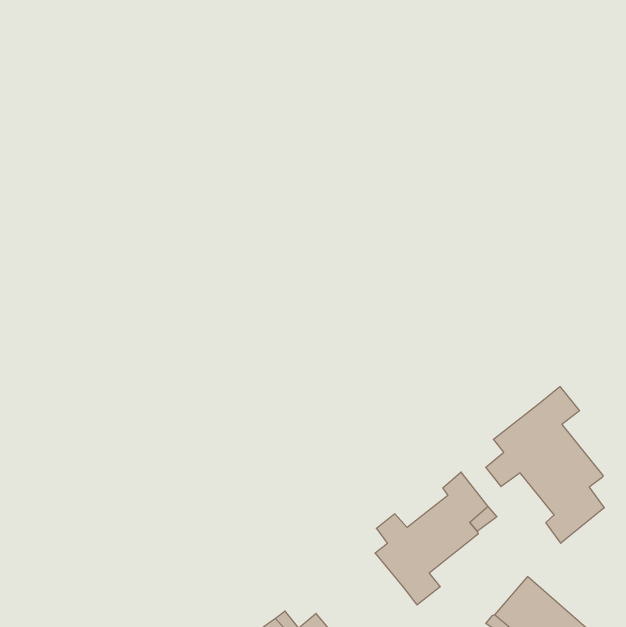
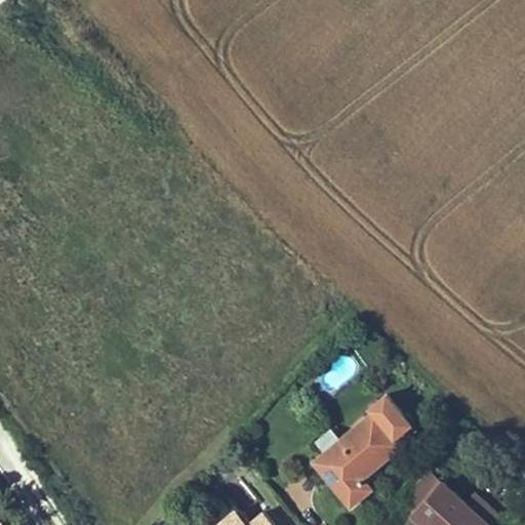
building: [486,387,604,543] -> none

